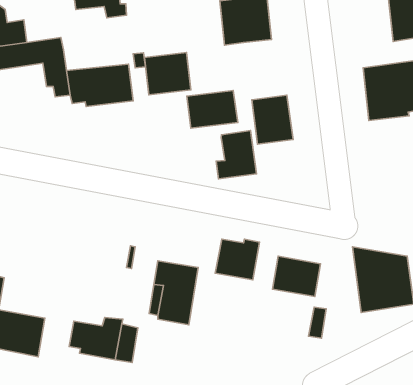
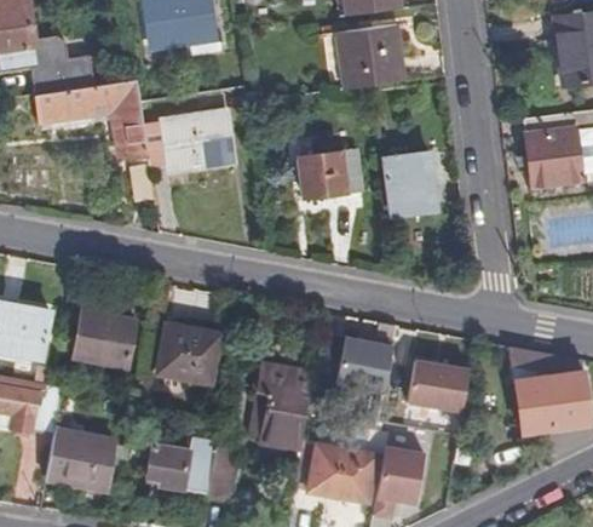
building: [144,53,191,95] -> none
building: [216,130,256,179] -> none
building: none -> [71,310,133,366]
building: none -> [156,325,218,383]
building: none -> [310,445,376,502]
building: none -> [374,447,425,517]

